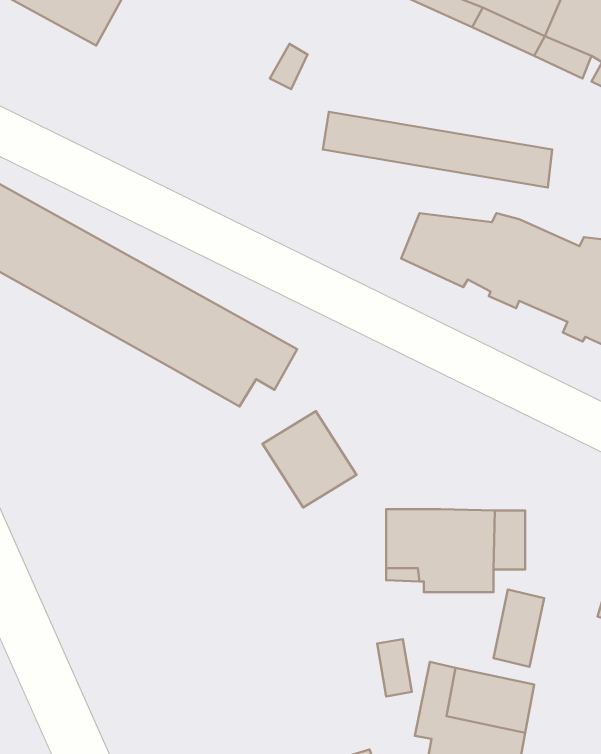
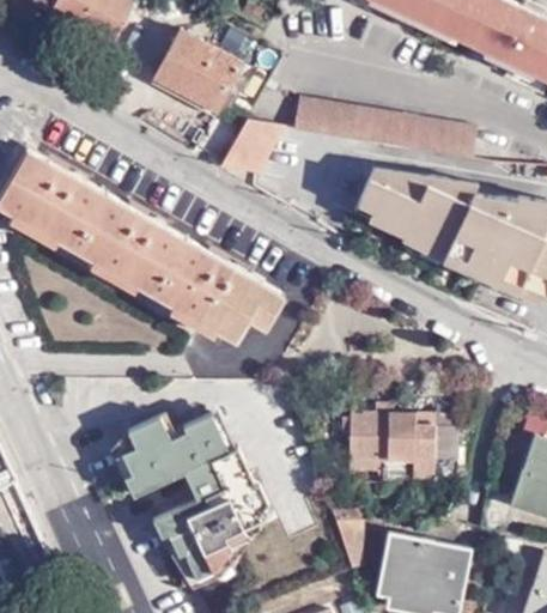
building: none -> [160,26,245,105]
building: none -> [221,122,284,175]
building: [262,411,356,508] -> none
building: none -> [110,414,256,583]
building: [493,590,544,667] -> none

